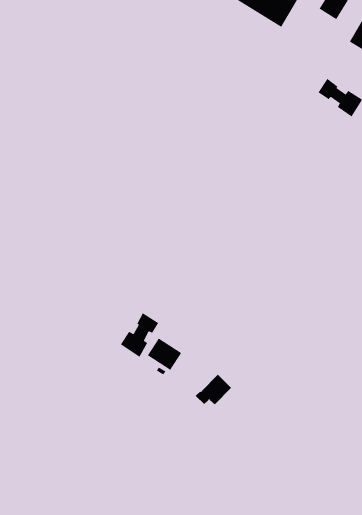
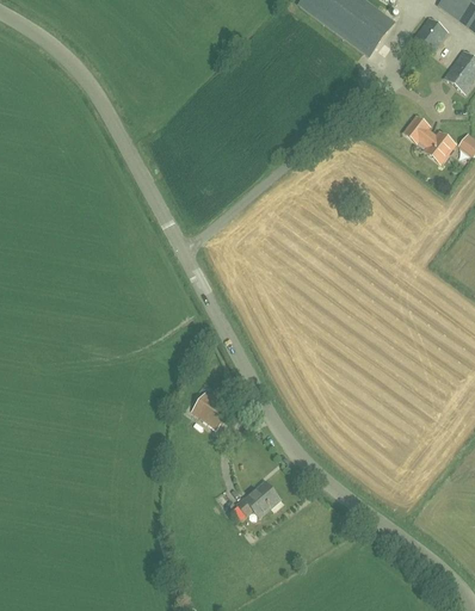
building: [120,312,159,358] -> none
building: [195,374,232,405] -> [237,481,279,516]

